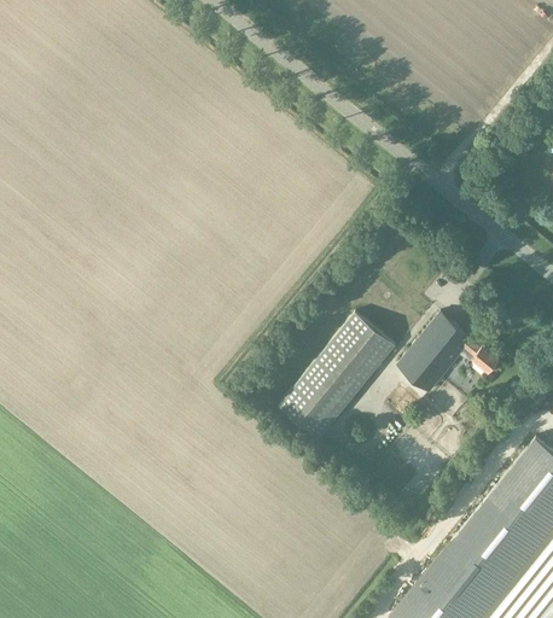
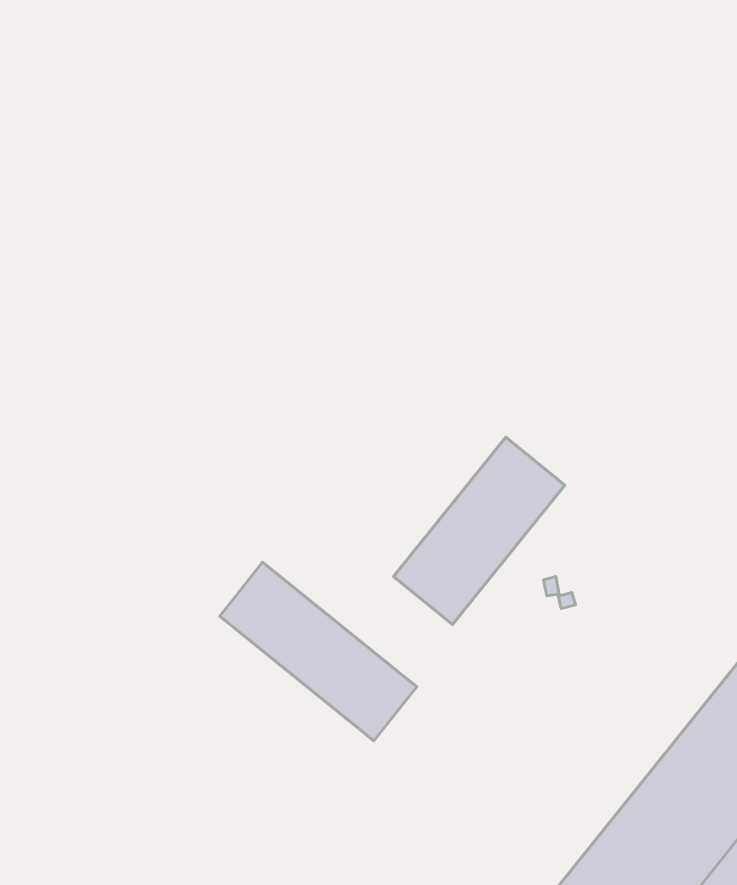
building: [397,311,499,391] -> none
building: none -> [220,562,417,741]

